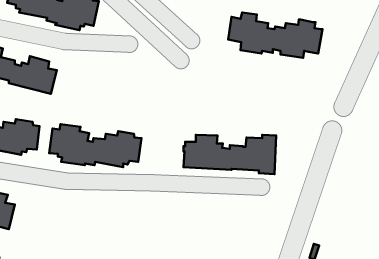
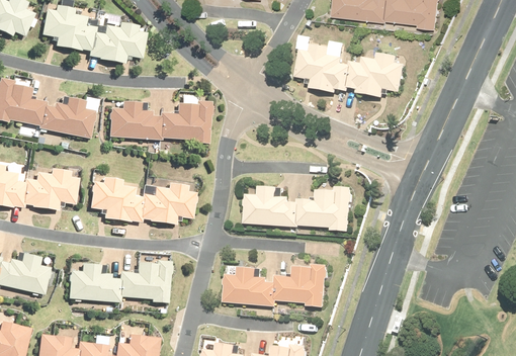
building: none -> [106,102,210,147]
building: none -> [66,260,170,303]
building: none -> [224,265,328,308]

